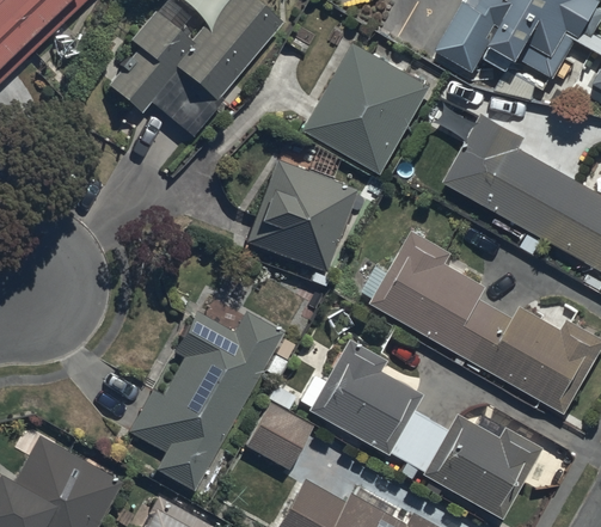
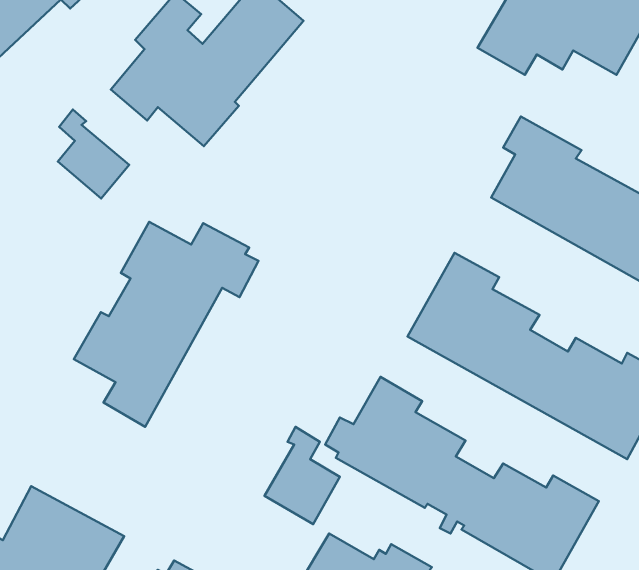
building: [305,43,434,177] -> none
building: none -> [58,109,129,198]
building: [245,163,355,274] -> none
building: [129,311,293,492] -> [74,222,259,427]

